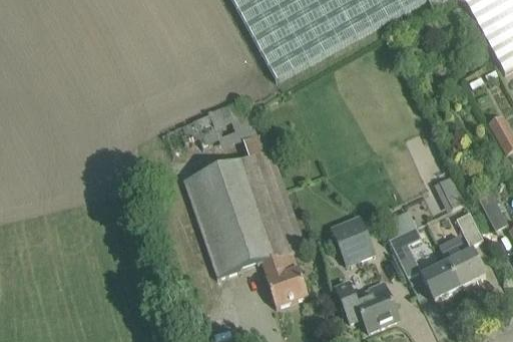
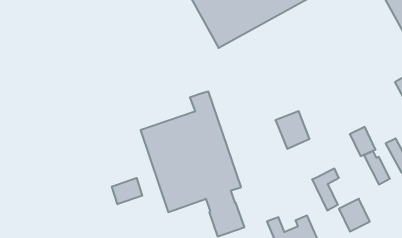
building: [333,217,374,262] -> [275,111,310,149]
building: [440,234,486,288] -> none
building: none -> [112,178,142,204]

